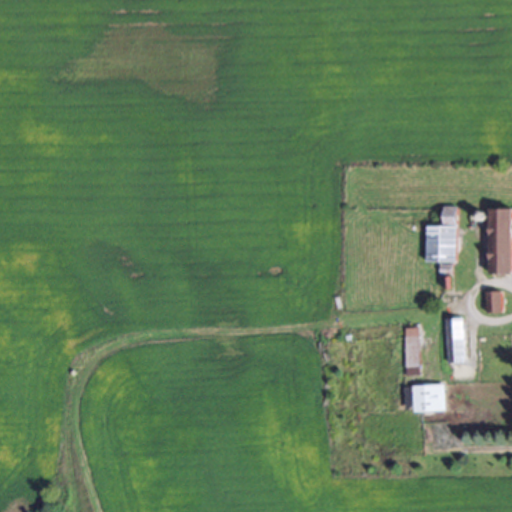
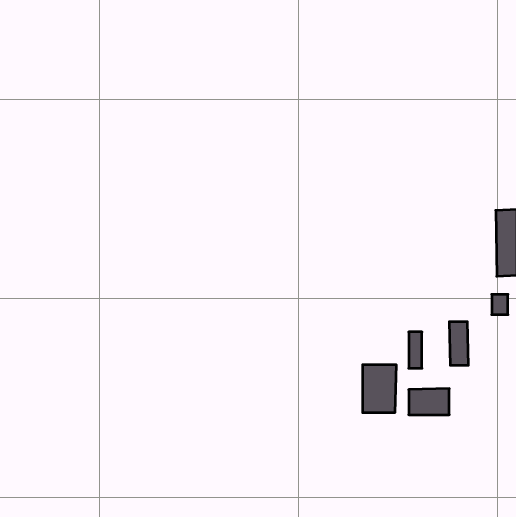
building: [426,208,457,261] -> none
building: none -> [363,365,396,413]

